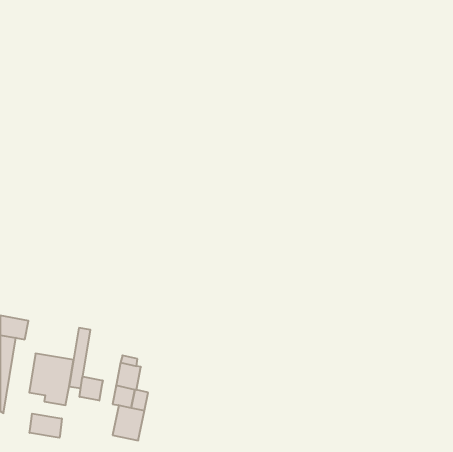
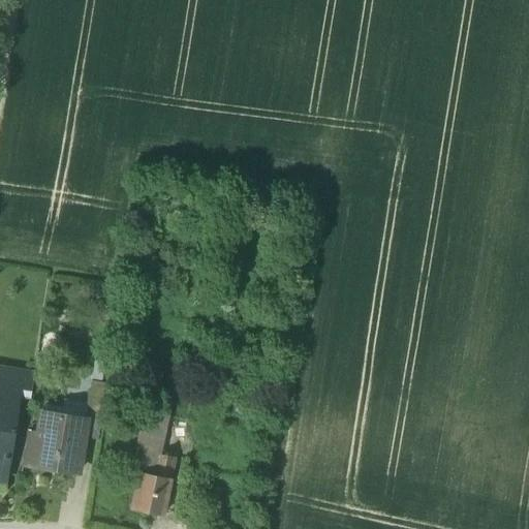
building: [80,377,103,401] -> none
building: [30,414,62,438] -> none

